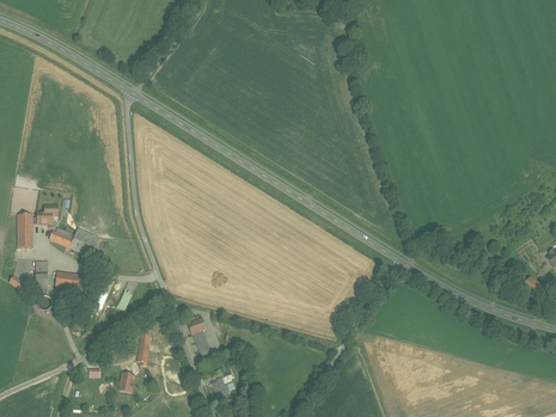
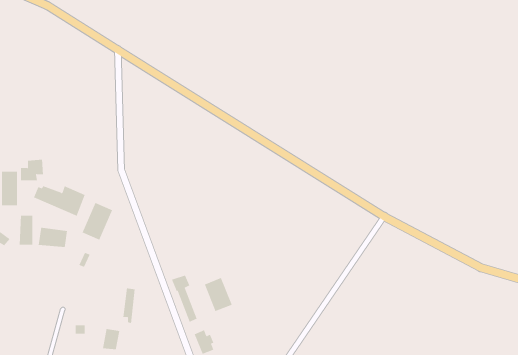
building: none -> [82,202,113,240]
building: none -> [204,277,232,312]

